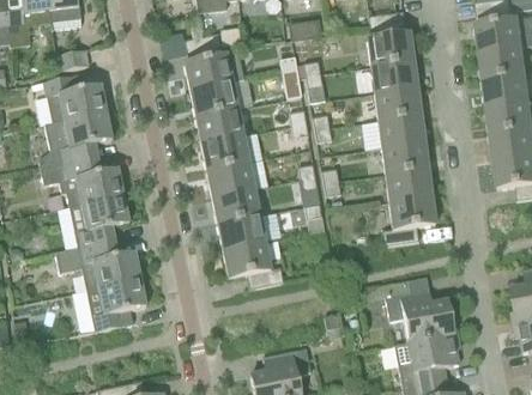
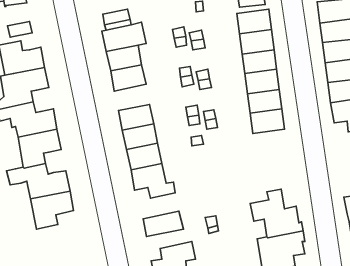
building: [200,133,248,169] -> none
building: [382,194,435,243] -> none
building: none -> [143,211,184,237]

